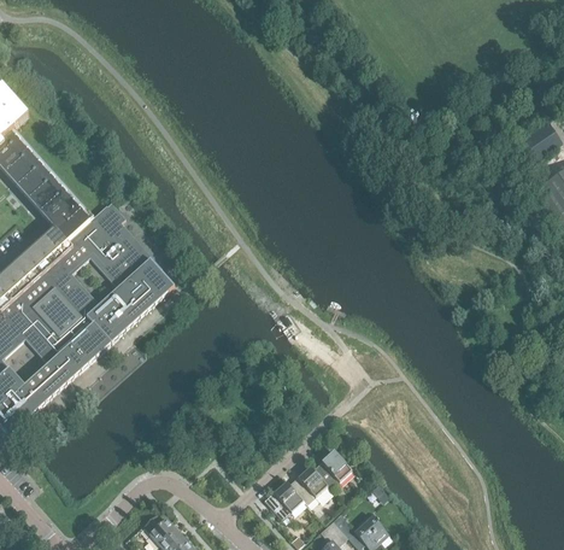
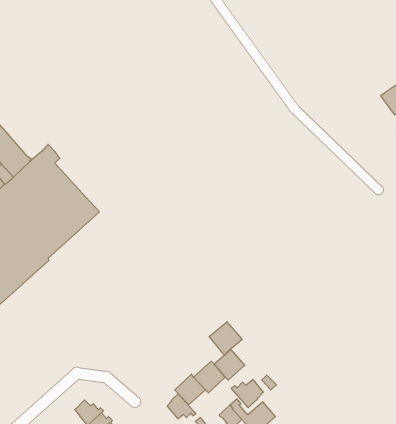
building: none -> [209,322,242,355]
building: none -> [231,379,263,408]
building: none -> [167,394,196,419]

